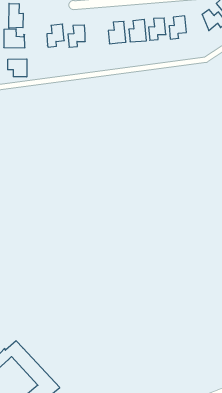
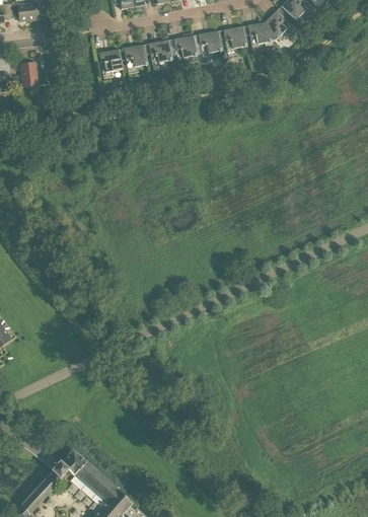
building: [9,3,23,28] -> none
building: none -> [249,20,275,50]
building: [47,24,64,47] -> [126,43,148,73]
building: [8,59,27,77] -> none

